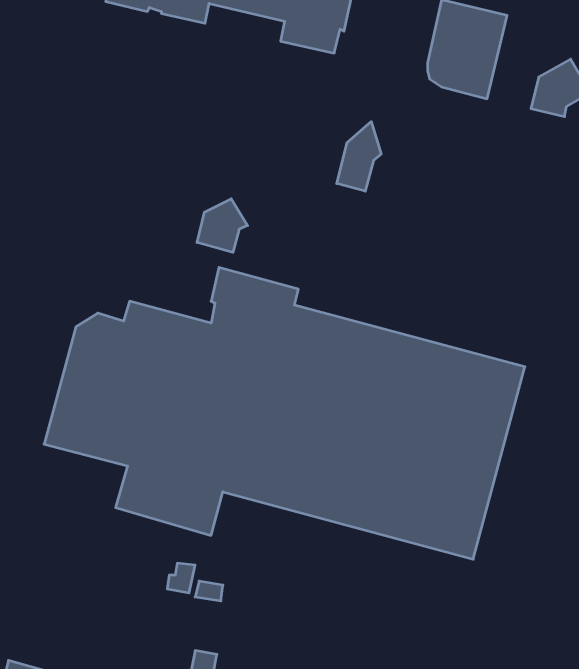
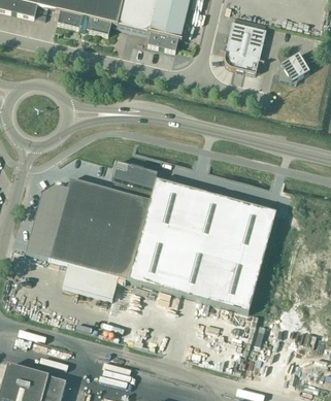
building: [337,122,381,191] -> none
building: [197,199,248,252] -> none

